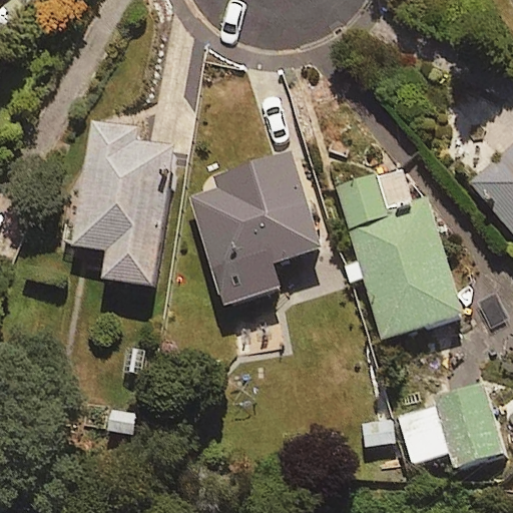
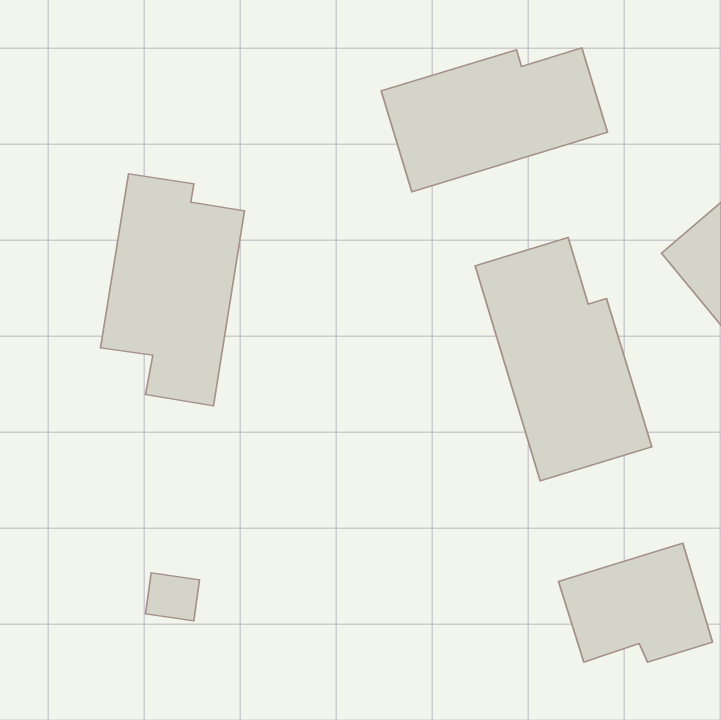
building: none -> [381,48,607,192]
building: [187,153,321,283] -> none

